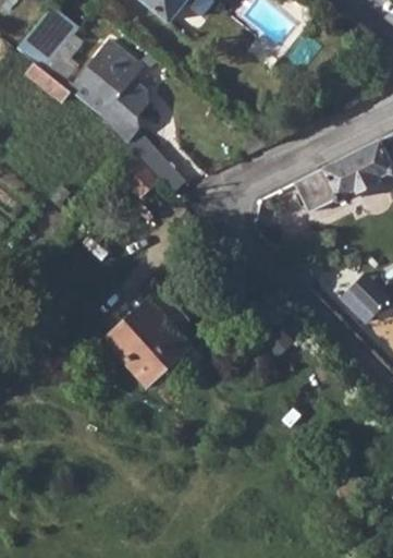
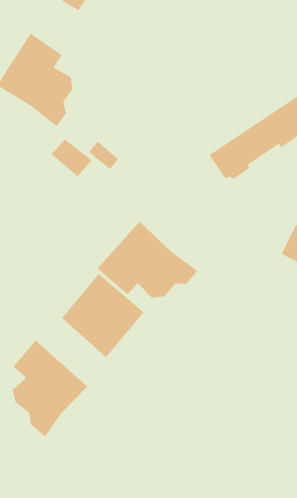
building: none -> [96,221,198,299]
building: none -> [12,340,89,437]

